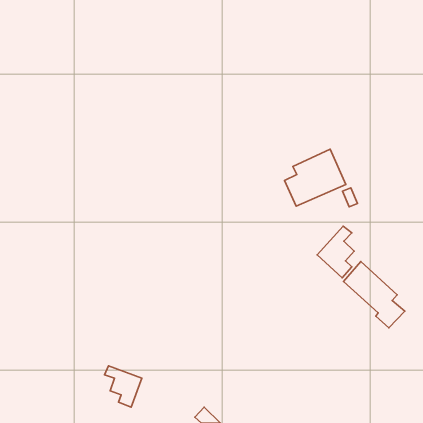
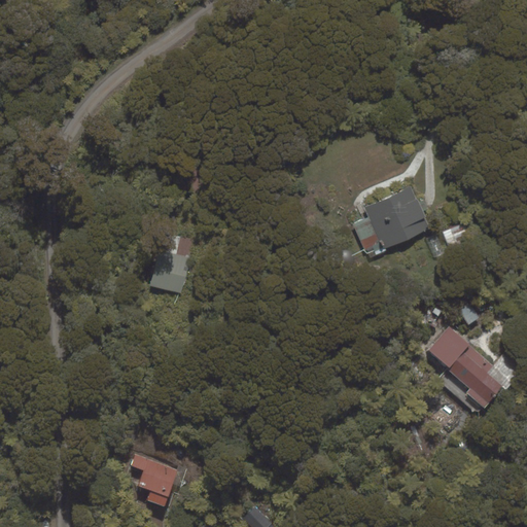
building: none -> [149,249,190,294]
building: [317,226,354,278] -> none

